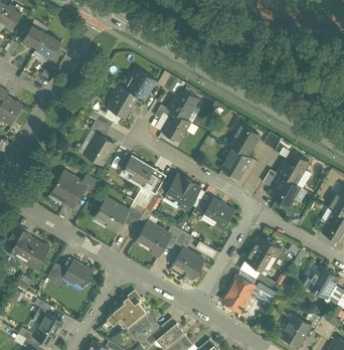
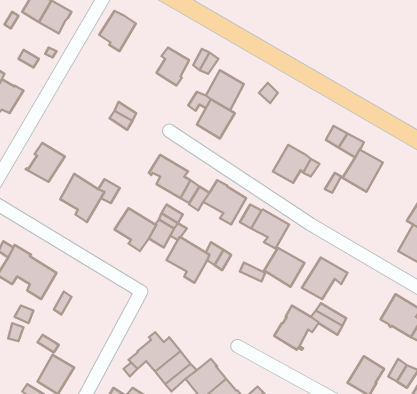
building: [109,86,138,119] -> [99,11,136,51]
building: [228,125,260,156] -> none
building: [83,134,115,165] -> [26,143,65,182]
building: [271,177,301,207] -> none
building: [172,248,204,280] -> [264,248,305,287]
building: [63,260,93,289] -> none

